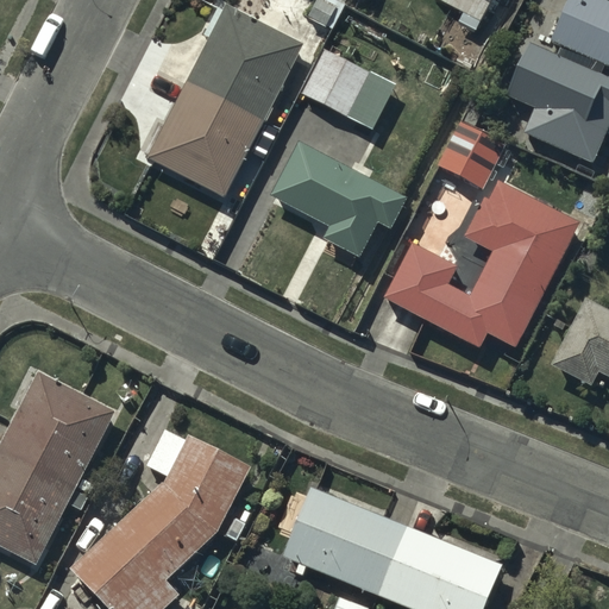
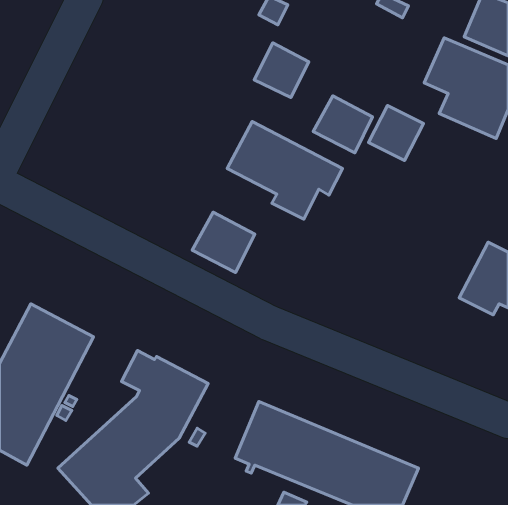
building: [150,8,303,200] -> none
building: none -> [313,96,373,153]
building: [387,187,580,350] -> none
building: none -> [192,212,255,273]

